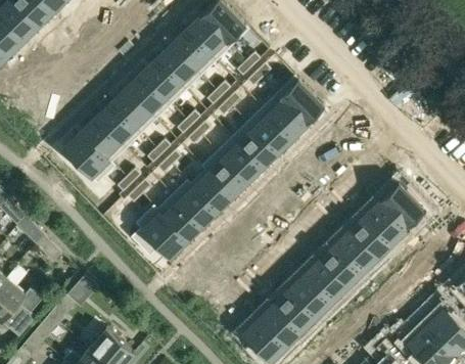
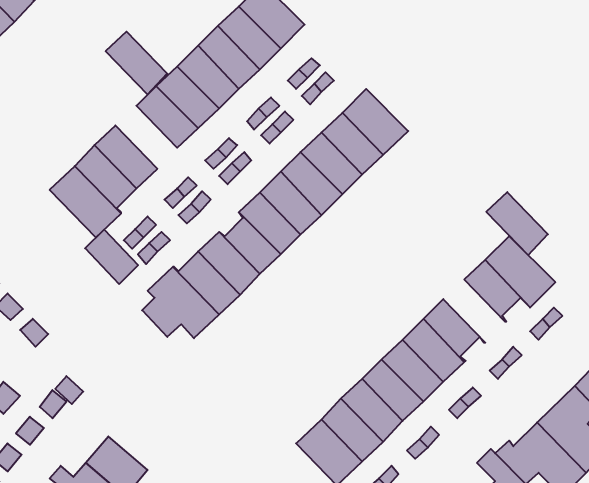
building: [111,88,156,134] -> [106,32,167,95]
building: none -> [85,230,138,284]
building: [351,215,396,261] -> [486,192,548,255]

